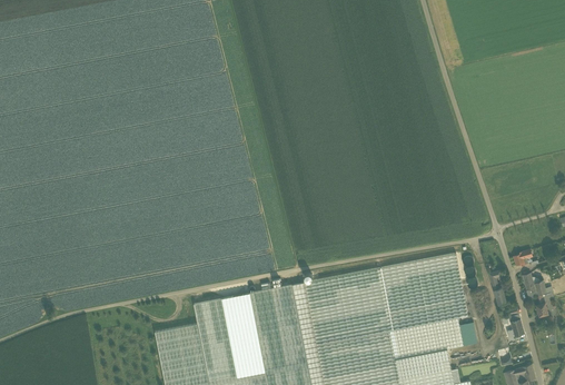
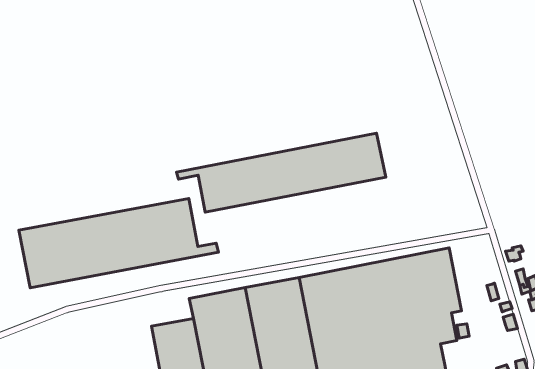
building: none -> [177,133,386,212]
building: none -> [19,198,219,288]

